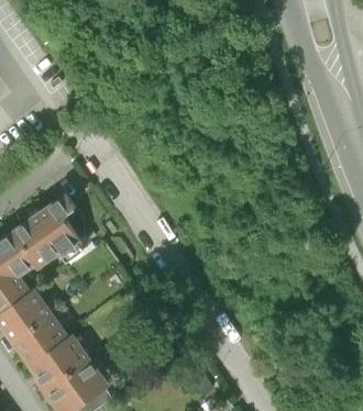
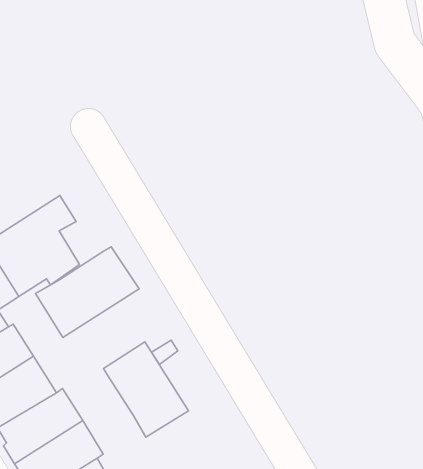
building: none -> [36,247,139,337]
building: none -> [104,342,188,437]

